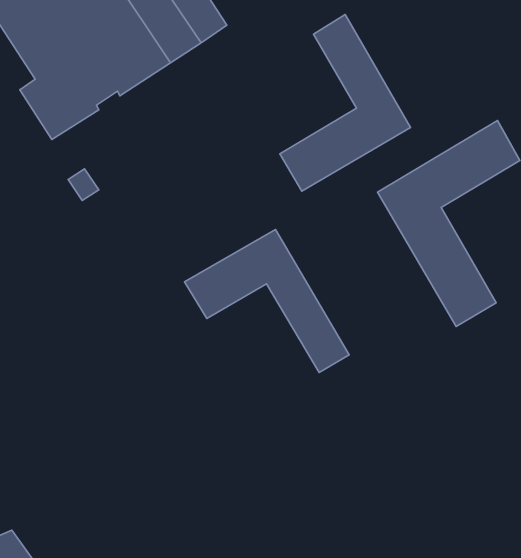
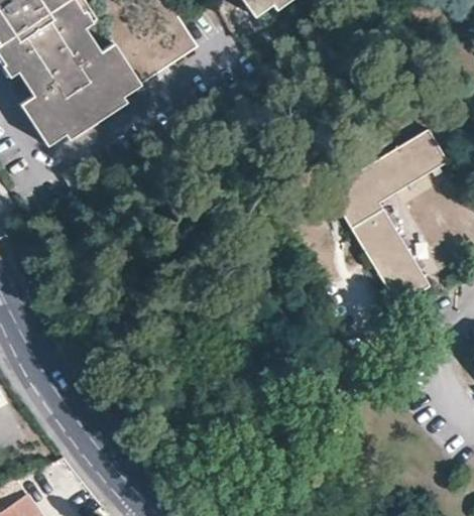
building: [280,14,410,191] -> none
building: [184,229,349,372] -> none

